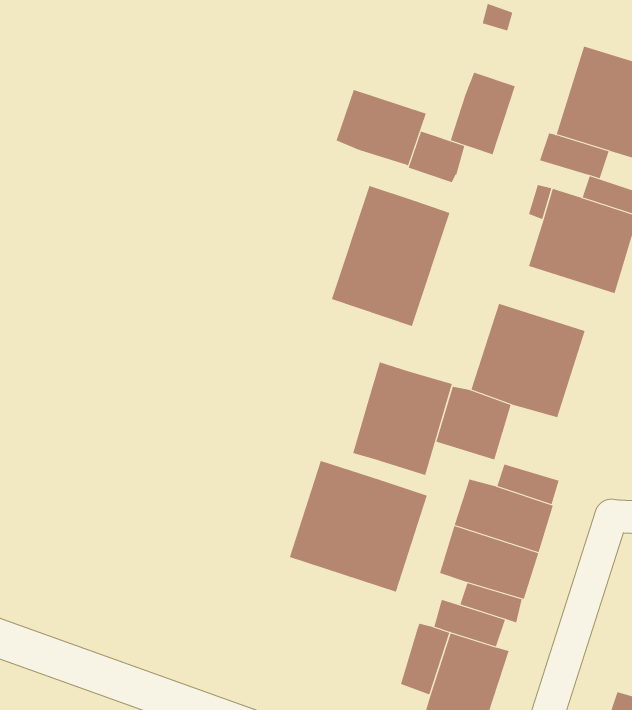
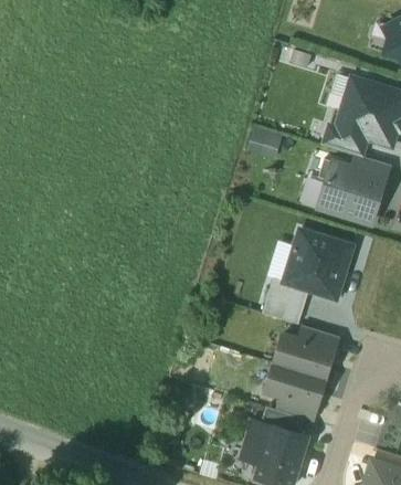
building: [450,72,516,155] -> none
building: [336,89,427,167] -> none
building: [331,185,450,327] -> none
building: [352,361,453,476] -> none
building: [289,460,428,592] -> none

